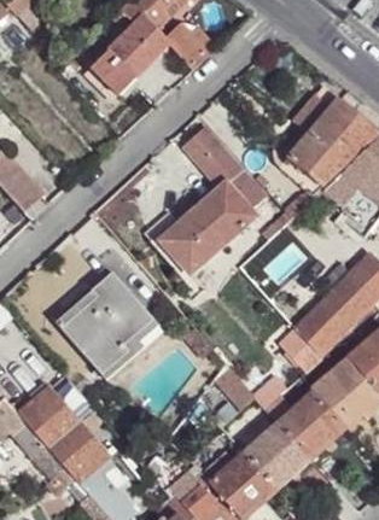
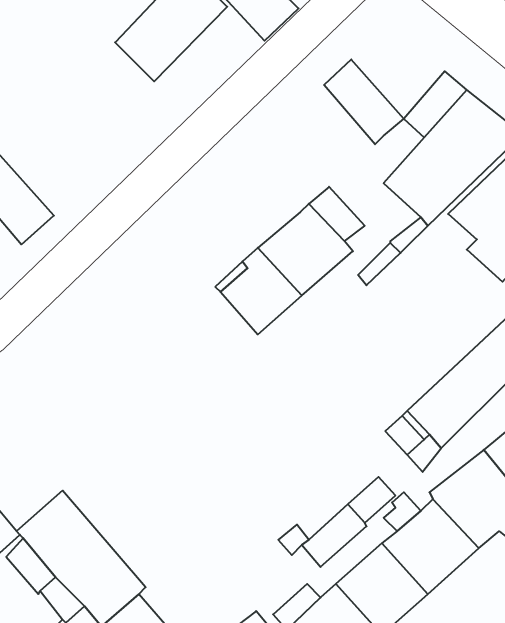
building: [183,127,240,187] -> [324,59,404,144]
building: [60,270,154,374] -> none

